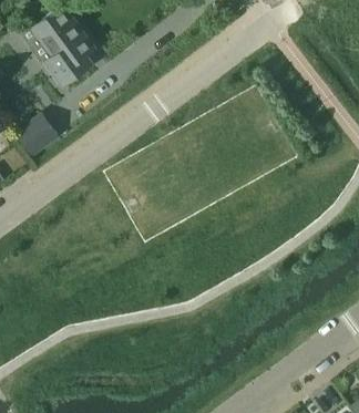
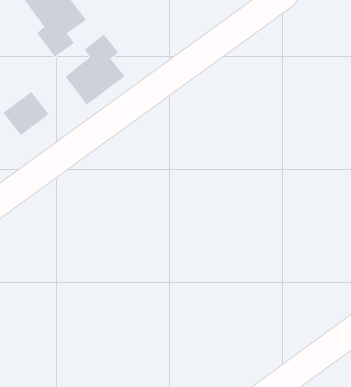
building: none -> [65,34,126,106]

